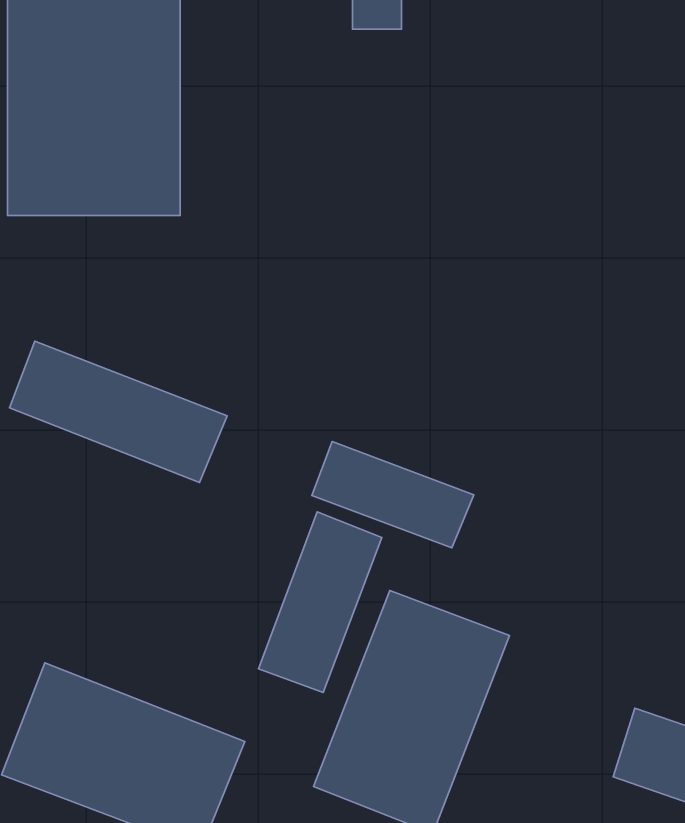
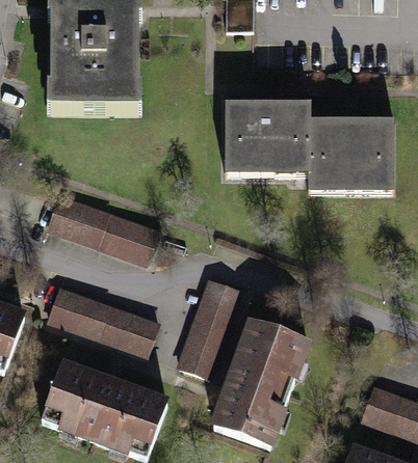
building: none -> [224,103,393,196]
building: [312,441,474,548] -> none
building: none -> [47,279,161,354]

